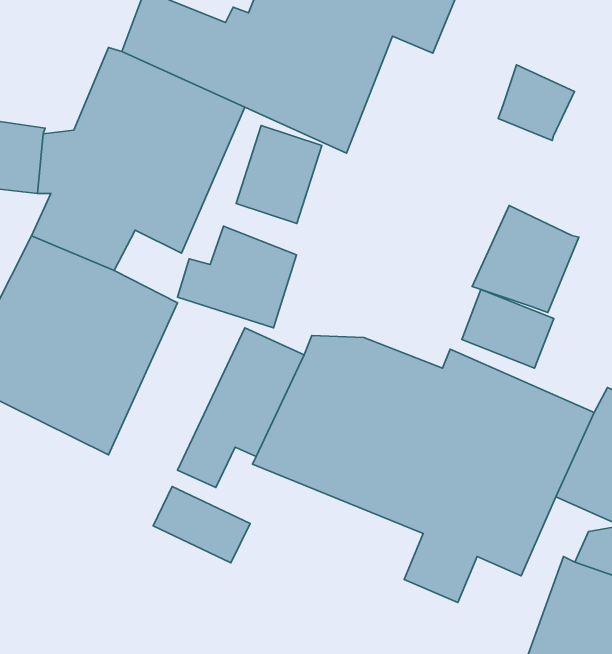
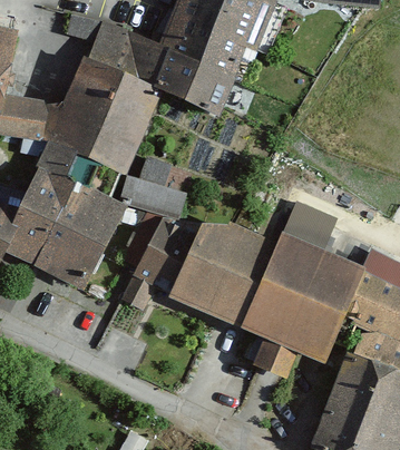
building: [498,65,575,141] -> none
building: [236,125,322,224] -> none
building: [472,206,579,312] -> none
building: [153,487,250,563] -> none

